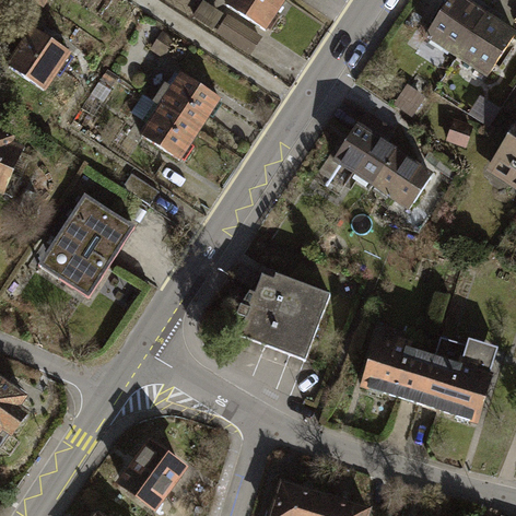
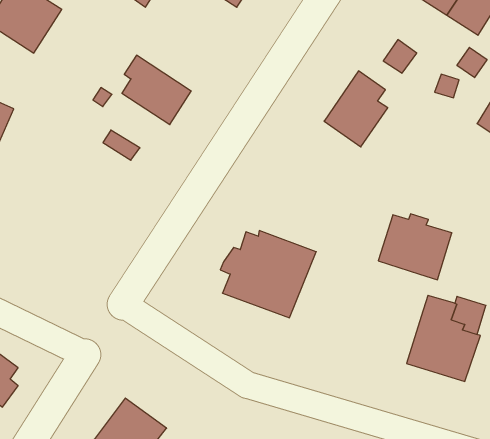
building: [152,70,227,133] -> none
building: [372,150,435,213] -> none
building: [49,202,134,295] -> none
building: [359,336,431,400] -> [378,214,452,280]

